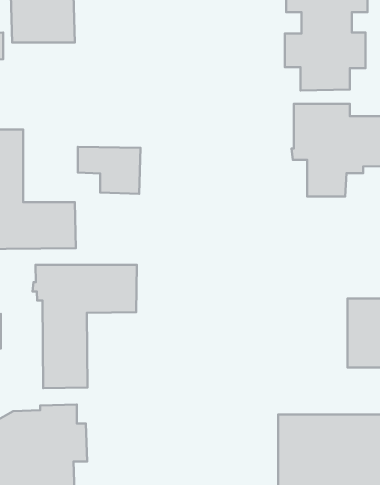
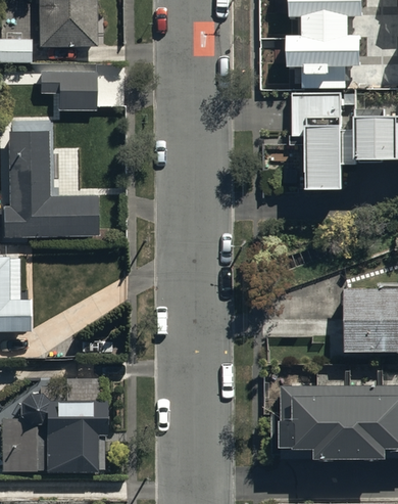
building: [78,147,140,194] -> [39,71,96,113]
building: [33,265,137,388] -> none

